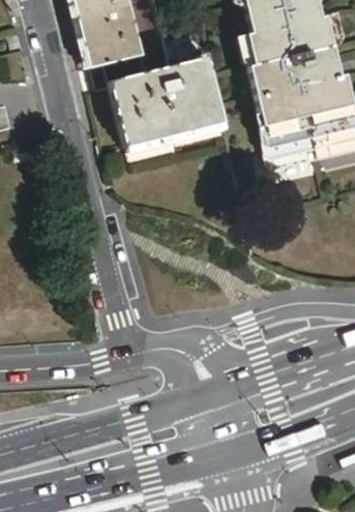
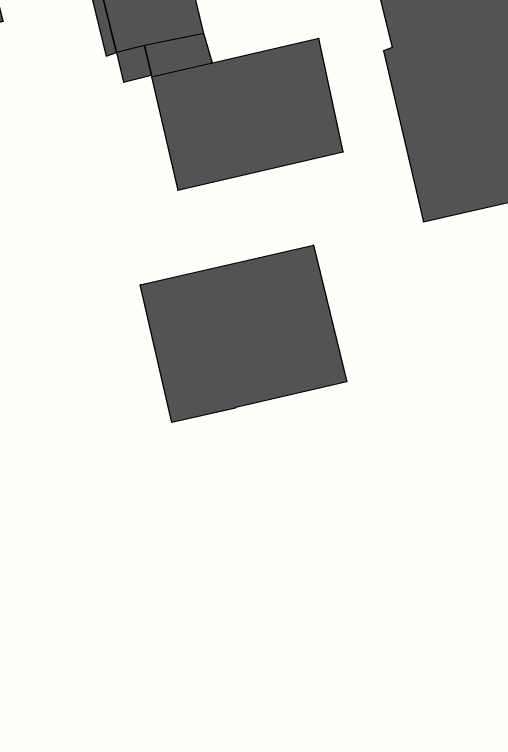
building: none -> [140,245,347,422]

